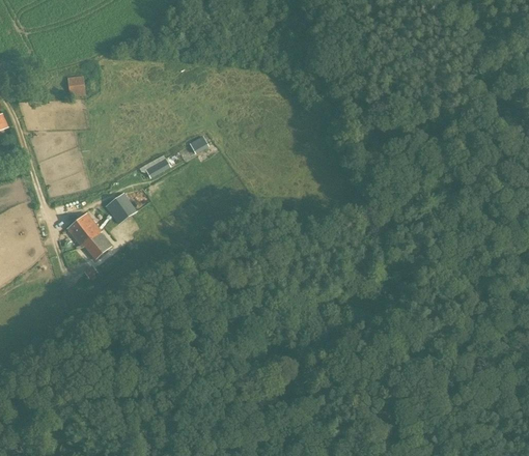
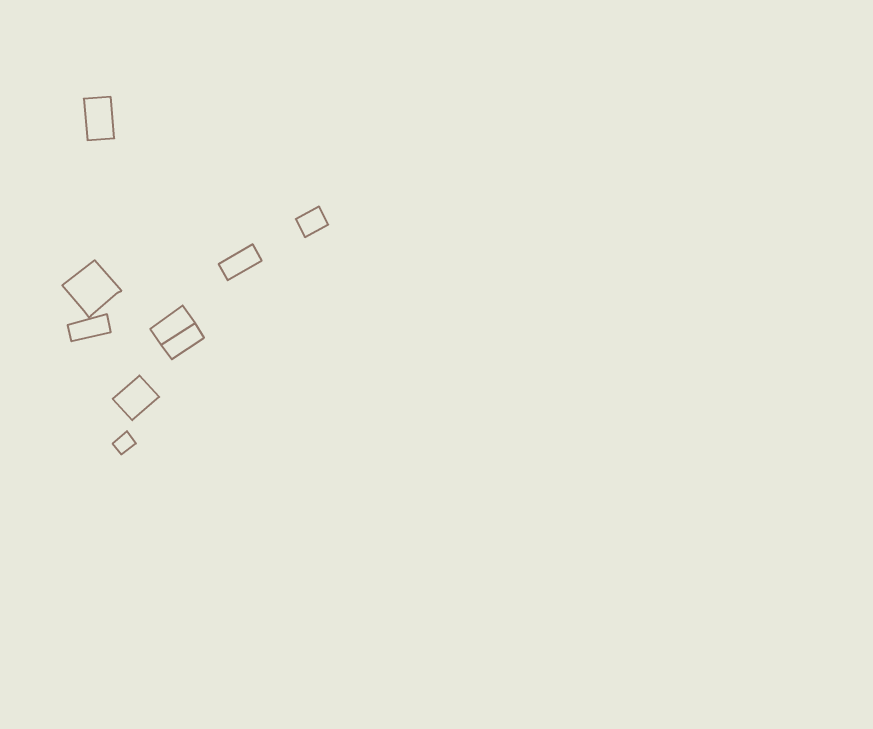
building: [67,213,102,247] -> [62,260,121,318]

